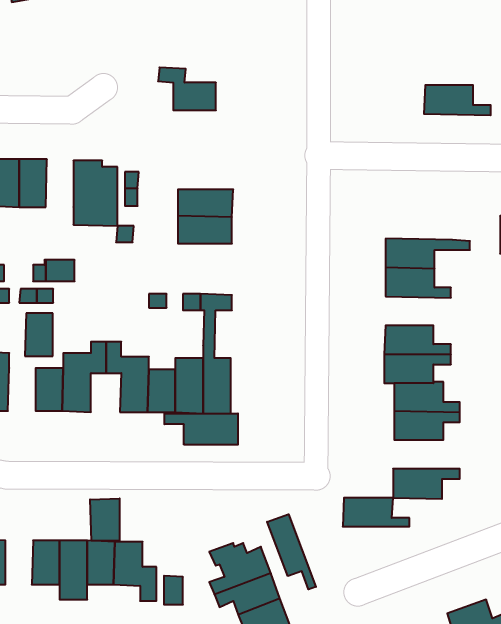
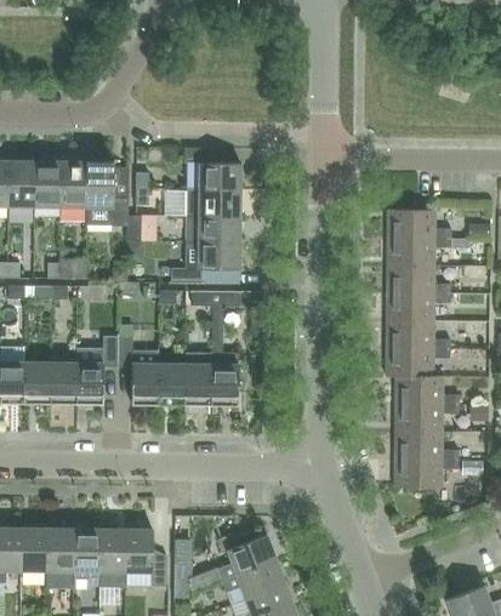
building: [158,67,216,110] -> [184,149,240,190]
building: [424,85,491,115] -> [387,210,451,239]
building: none -> [59,161,86,207]
building: none -> [171,243,239,284]
building: none -> [387,293,450,321]
building: [25,313,53,356] -> [23,363,50,404]
building: [164,413,238,445] -> none
building: [343,498,409,527] -> [394,432,459,460]
building: [90,498,120,541] -> none
building: [267,514,316,589] -> none
building: none -> [21,529,47,571]

